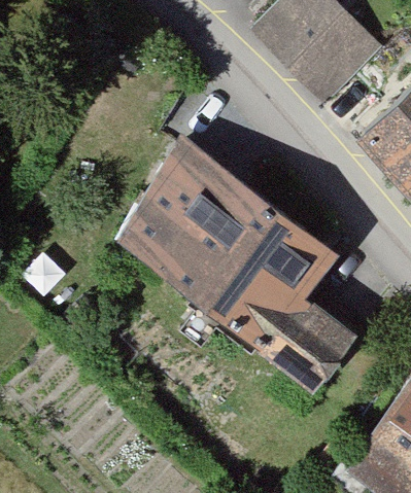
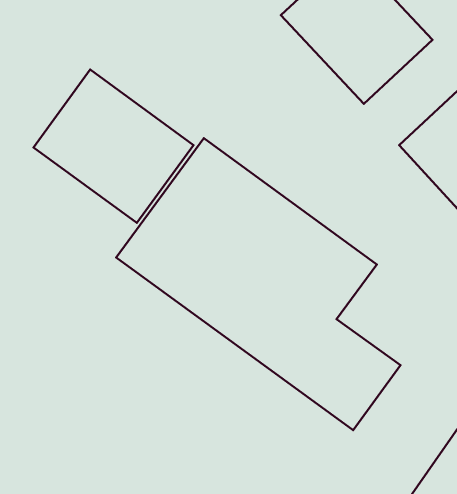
building: none -> [33,70,194,223]

